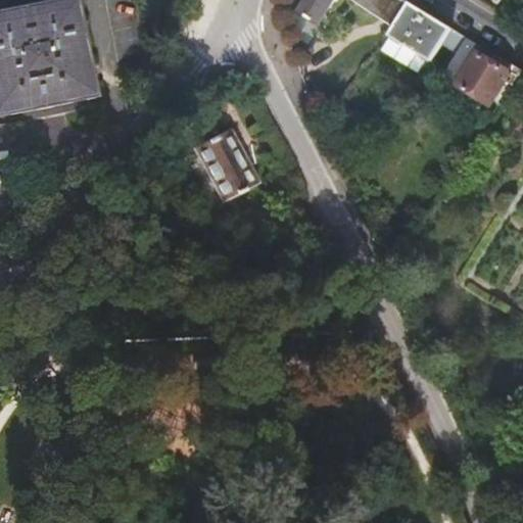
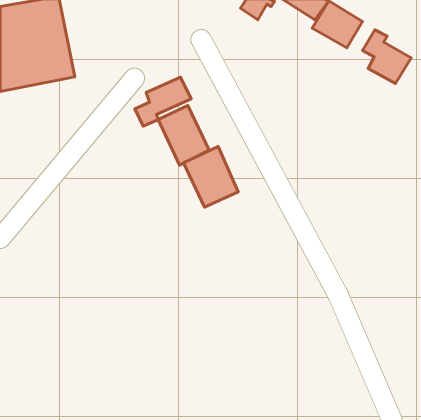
building: none -> [135,77,191,126]
building: none -> [184,147,238,207]

